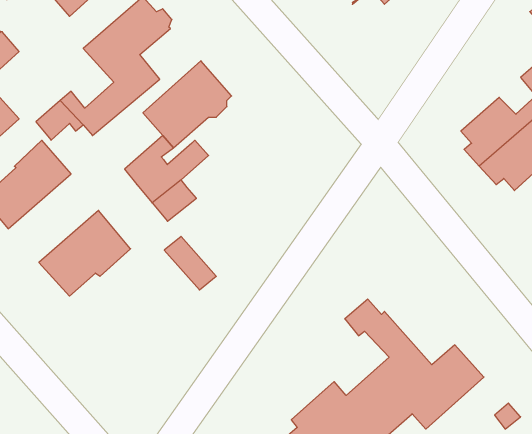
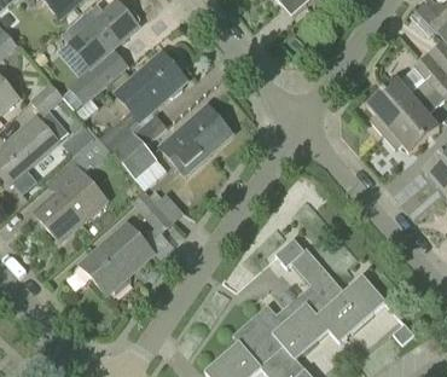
building: none -> [159,105,230,174]
building: none -> [63,122,108,167]
building: none -> [79,221,151,294]

